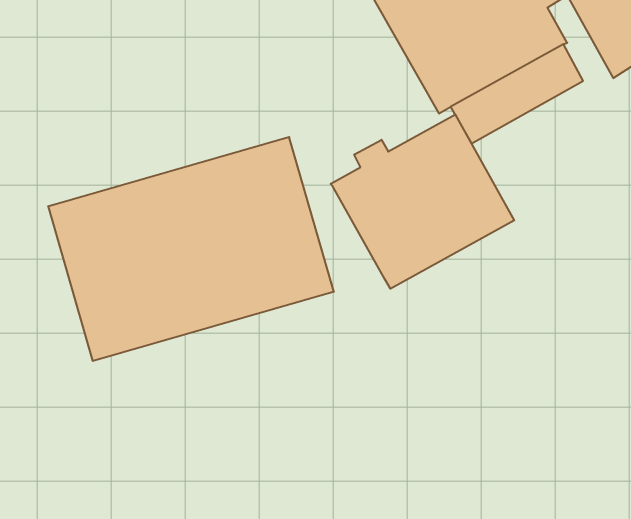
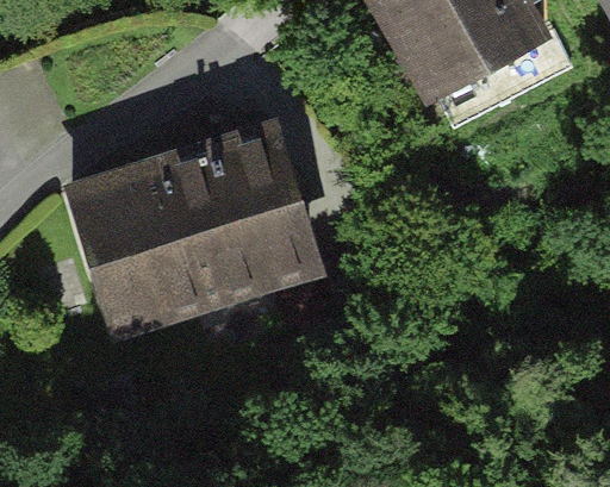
building: [331,115,514,289] -> none

